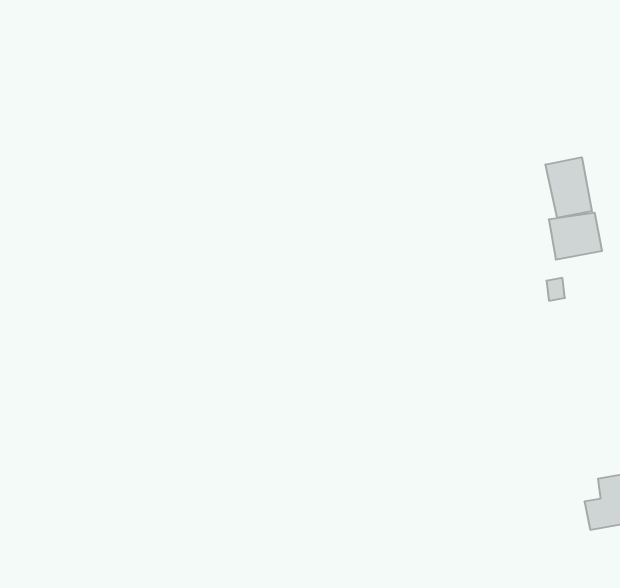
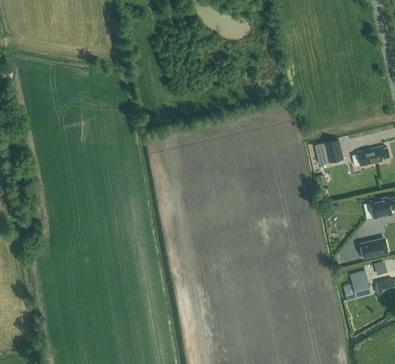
building: [545,157,592,218] -> none

